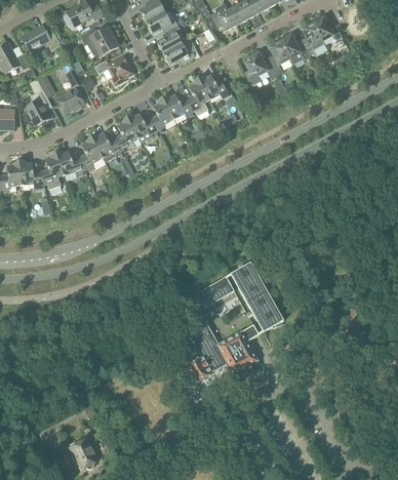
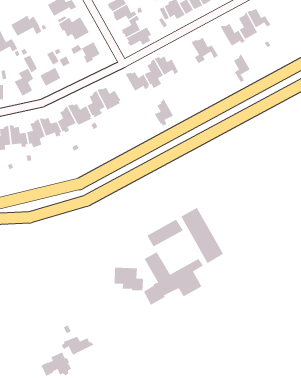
building: [269,38,290,74] -> [233,54,251,83]
building: [150,96,174,131] -> [154,98,174,127]
building: none -> [114,267,144,291]
building: none -> [61,336,95,356]

